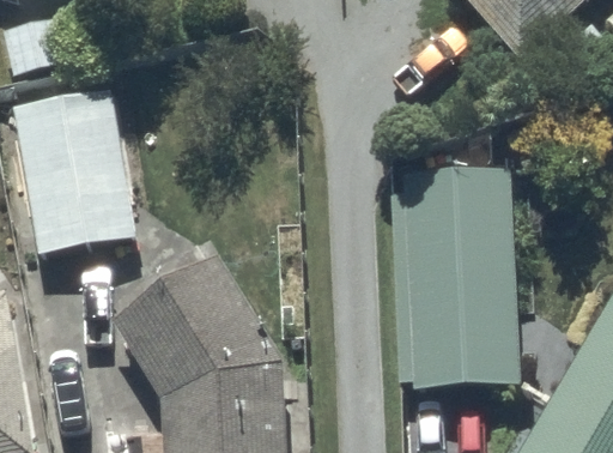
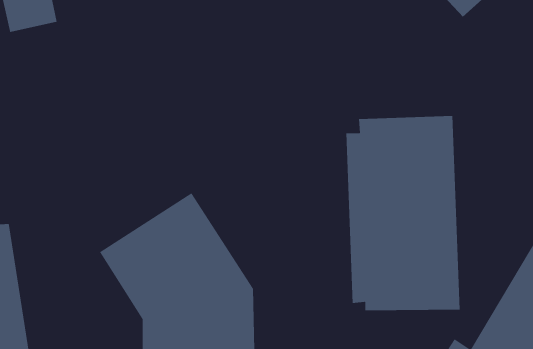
building: [11,81,140,249] -> none

